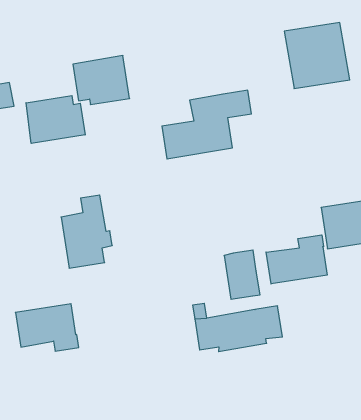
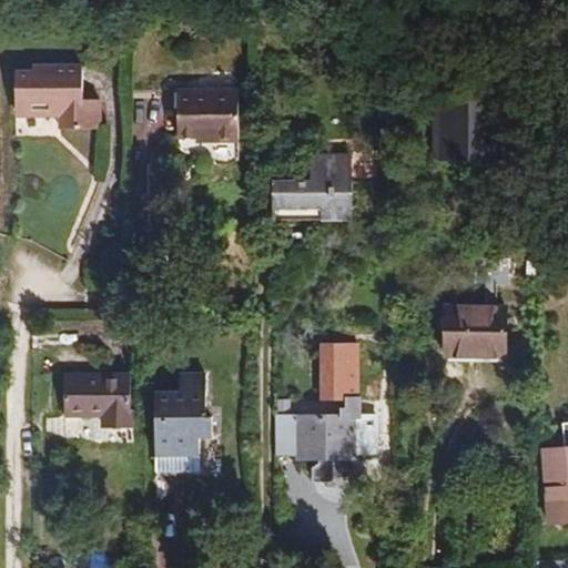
building: [26,96,85,143] -> none
building: [61,195,112,268] -> [153,373,209,454]
building: [266,235,327,284] -> none

